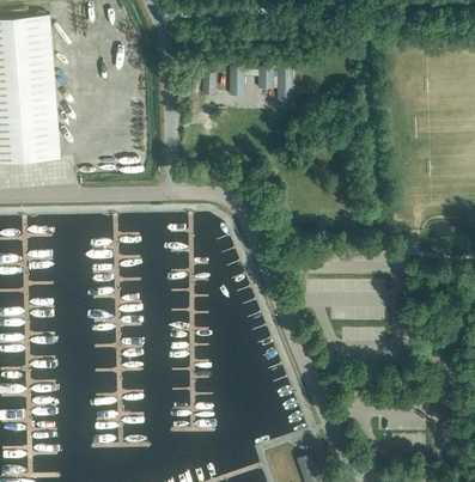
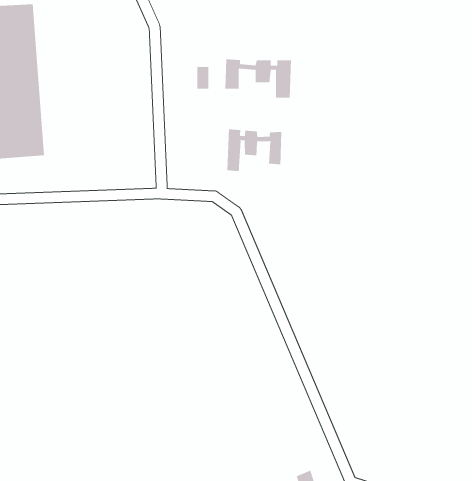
building: none -> [227,128,282,172]

